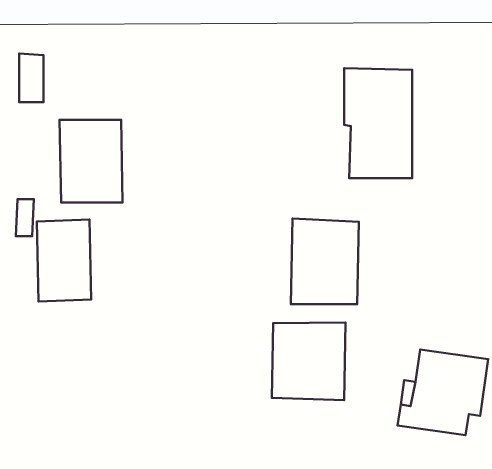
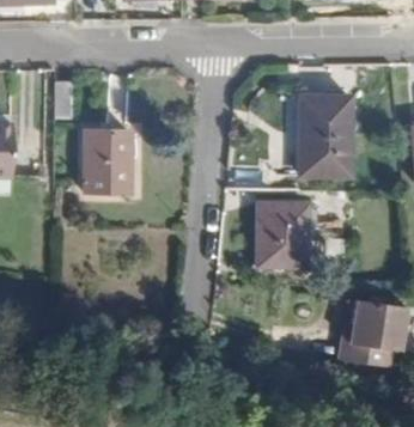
building: [37,219,91,302] -> none
building: [272,323,345,400] -> none

